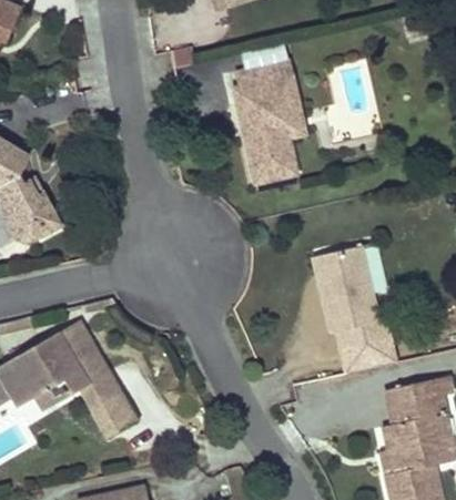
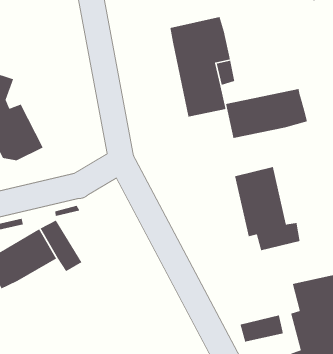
building: none -> [225,88,308,139]
building: [342,345,398,380] -> [239,315,284,343]
building: [83,371,143,435] -> none

